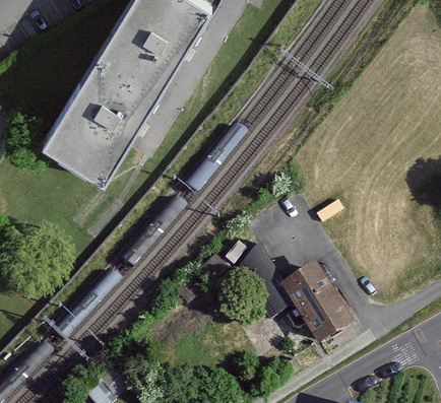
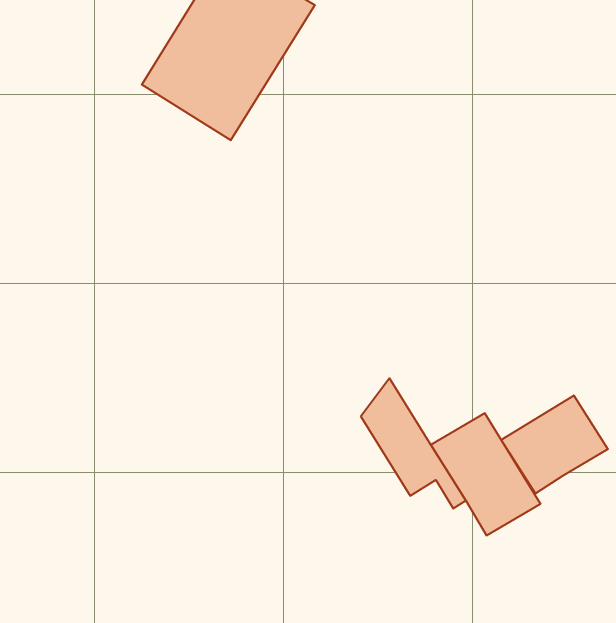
building: [46,57,156,177] -> none
building: none -> [501,395,608,494]

